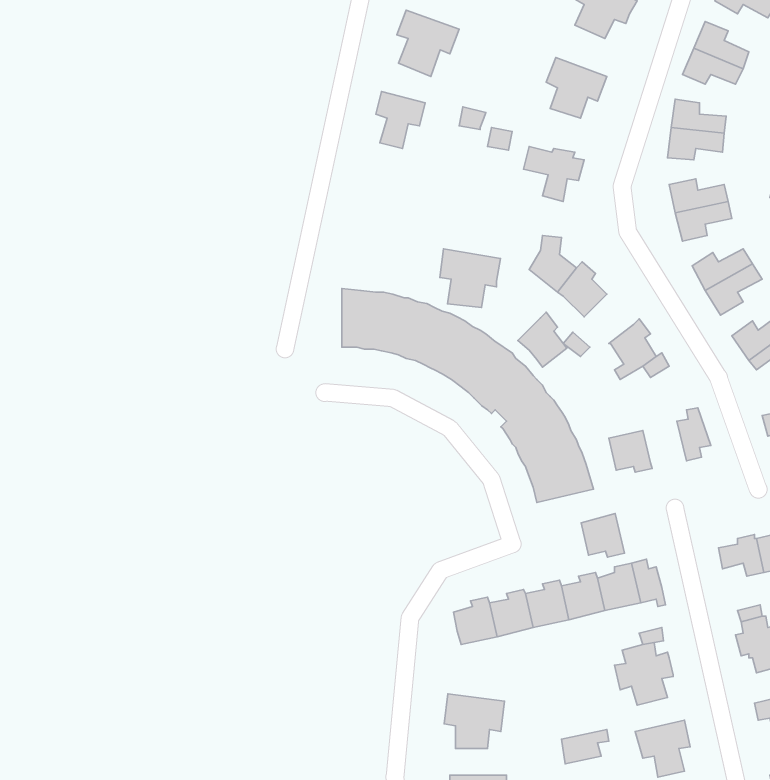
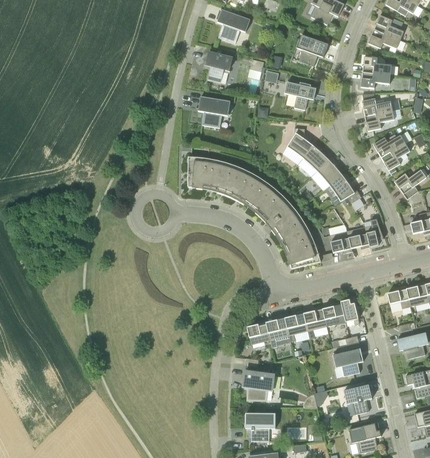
building: [440,249,500,308] -> [198,96,230,127]
building: [518,312,567,367] -> [316,156,342,185]
building: [581,513,625,557] -> [347,226,370,249]

